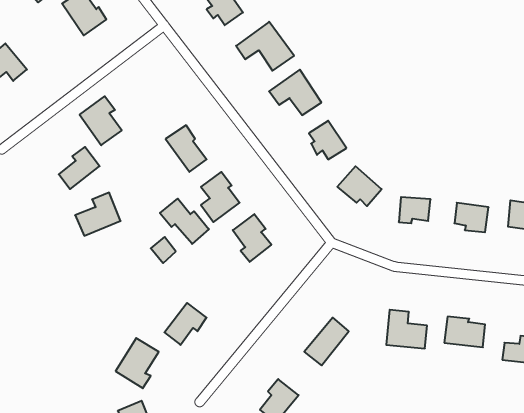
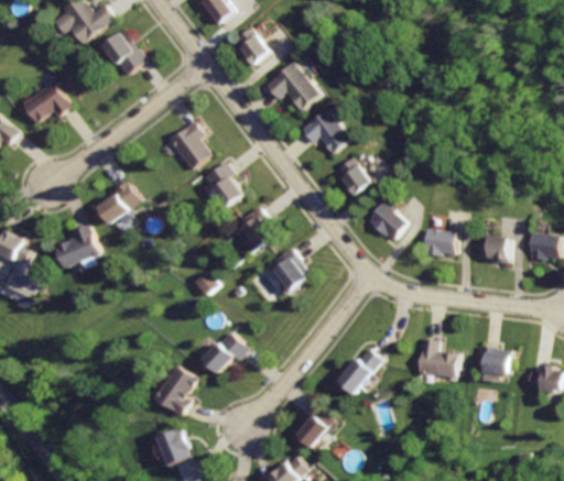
building: [80,96,122,145] -> [165,122,206,170]
building: [75,193,121,236] -> [53,226,97,267]
building: [160,199,209,244] -> none

